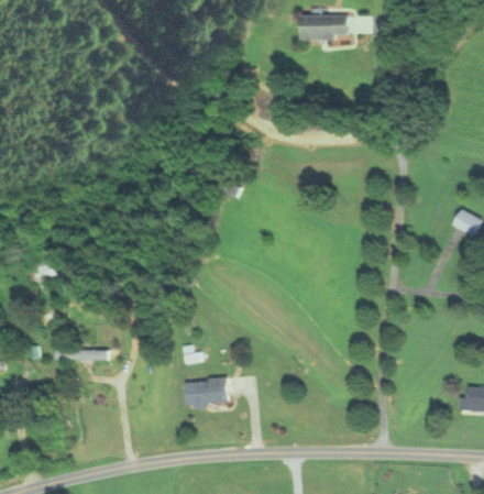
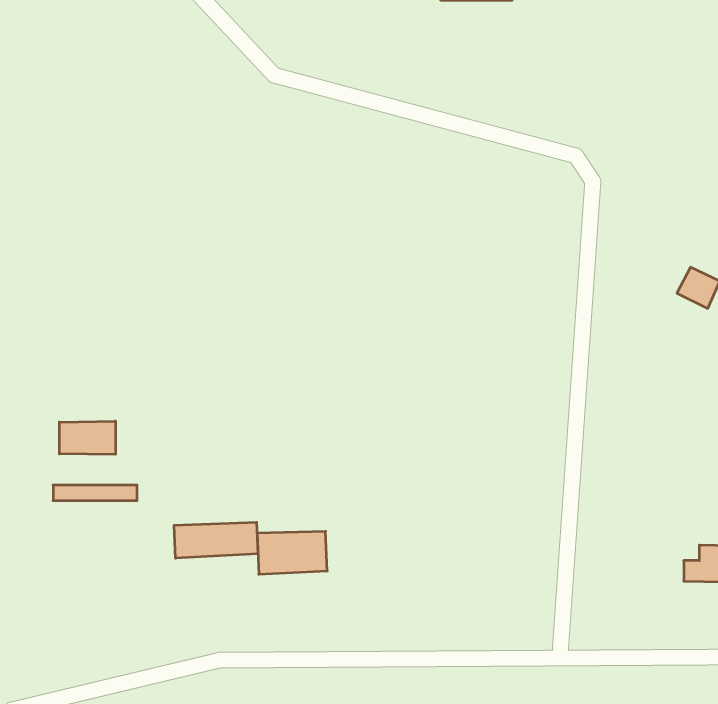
building: none -> [59,421,115,454]
building: none -> [174,522,258,558]

